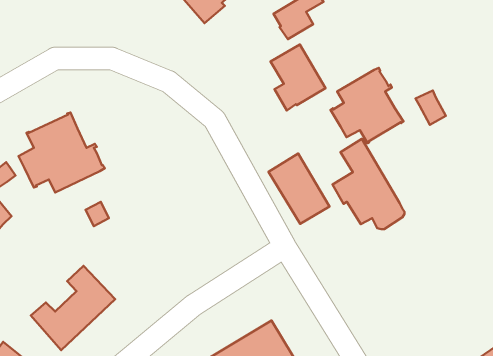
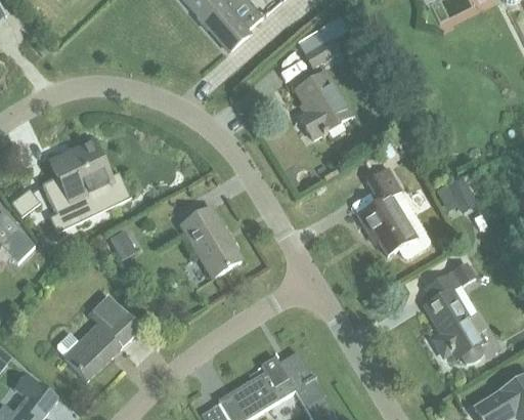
building: [331,68,403,143] -> none
building: [415,90,446,125] -> [446,178,477,213]
building: [269,154,330,224] -> [180,207,242,278]
building: none -> [421,264,485,363]

